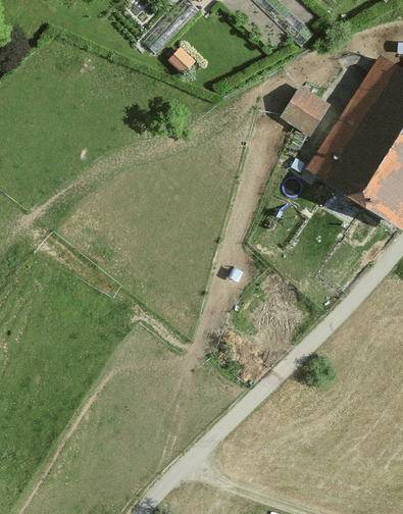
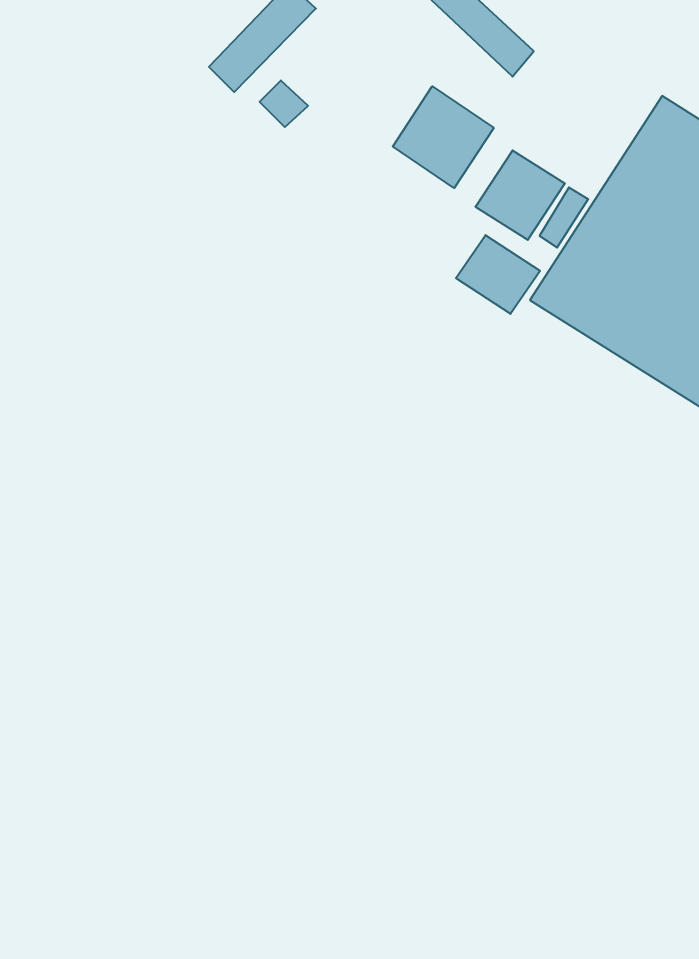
building: none -> [393,86,494,188]
building: none -> [456,235,540,314]

